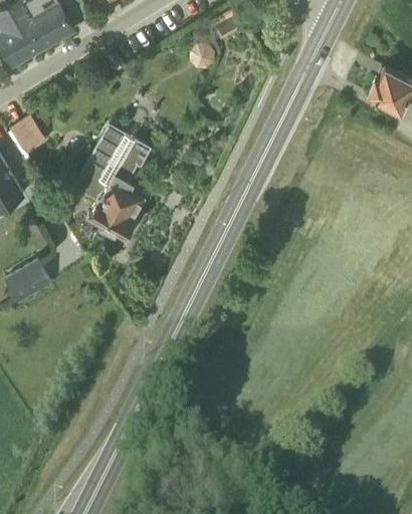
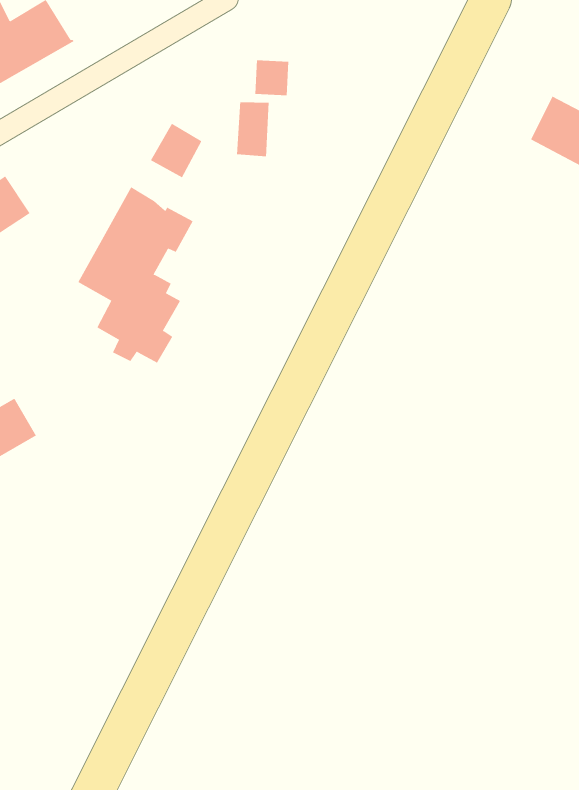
building: none -> [237,101,269,157]
building: none -> [150,123,202,178]

